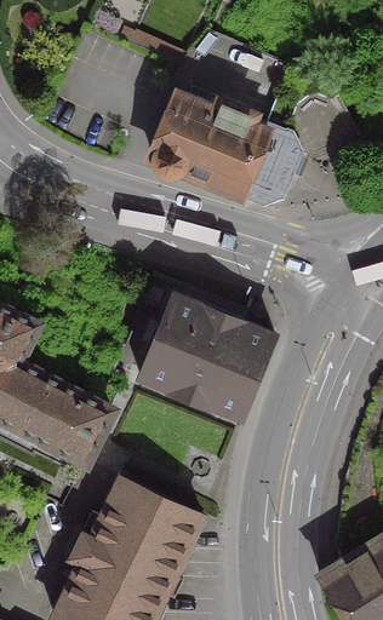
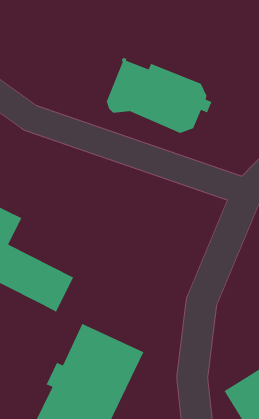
building: [137,294,271,419] -> none

